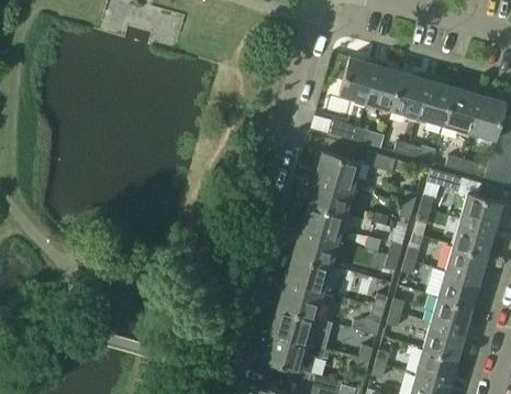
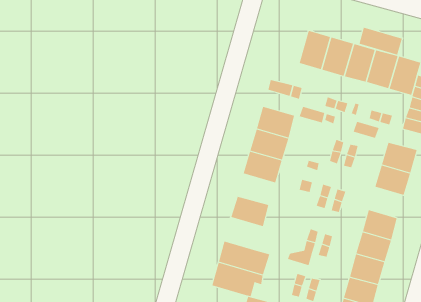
building: [340,57,376,102] -> none
building: none -> [359,27,403,56]
building: [293,230,338,266] -> none
building: [445,245,487,282] -> none
building: [278,281,324,319] -> none

